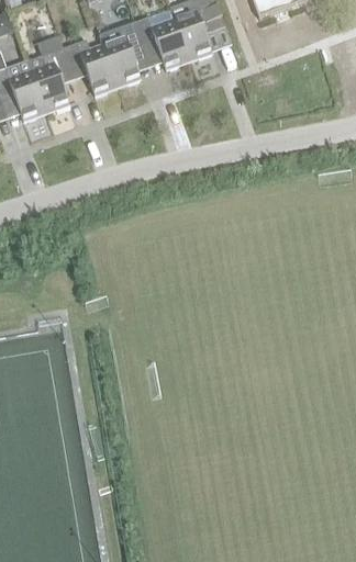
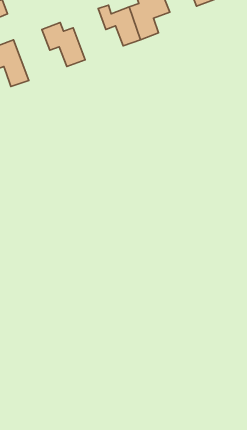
building: [102,21,144,86] -> none
building: [27,47,73,112] -> none

